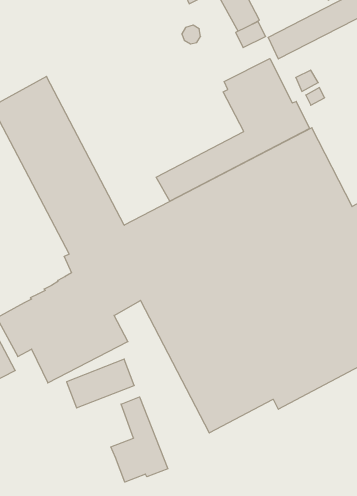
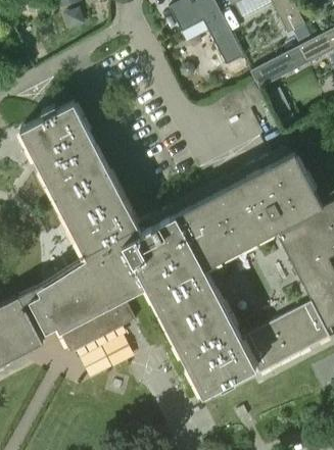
building: [156,59,310,201] -> none
building: [111,397,168,482] -> none

